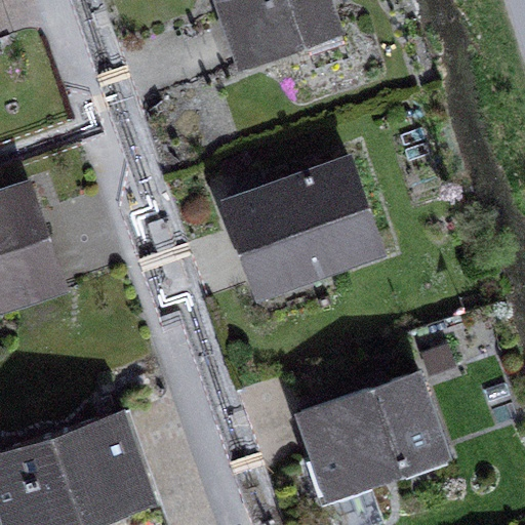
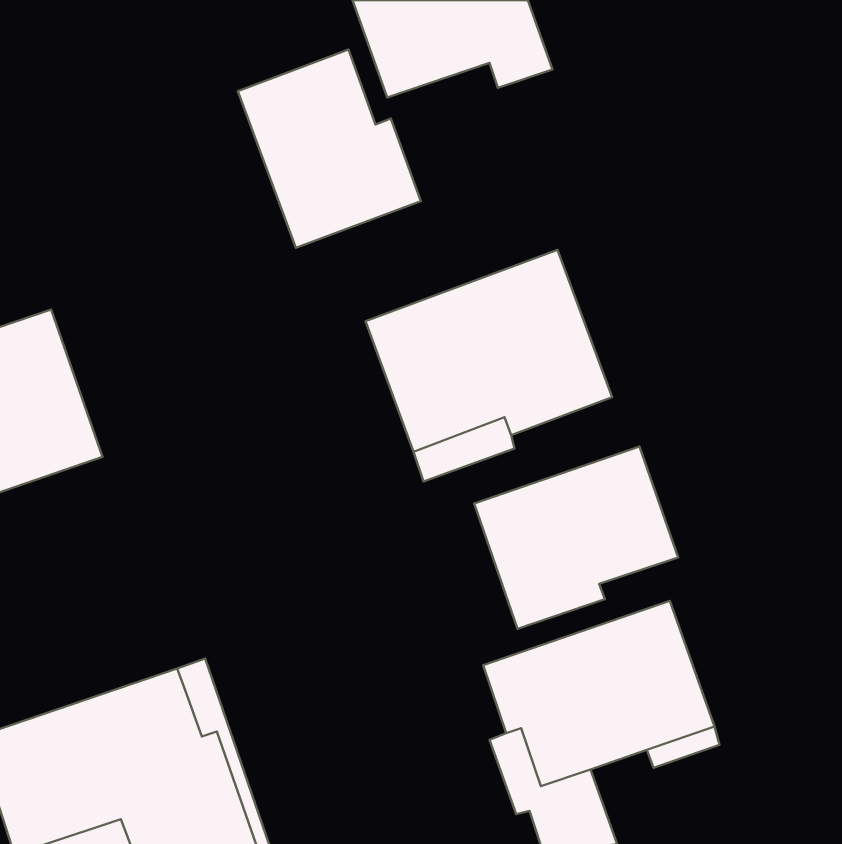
building: none -> [238,50,421,248]
building: none -> [474,446,678,629]

